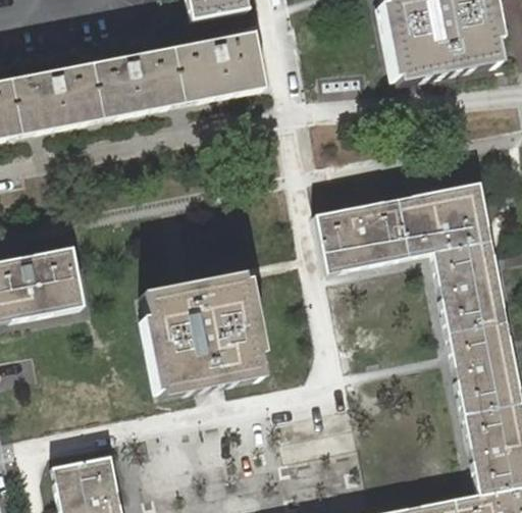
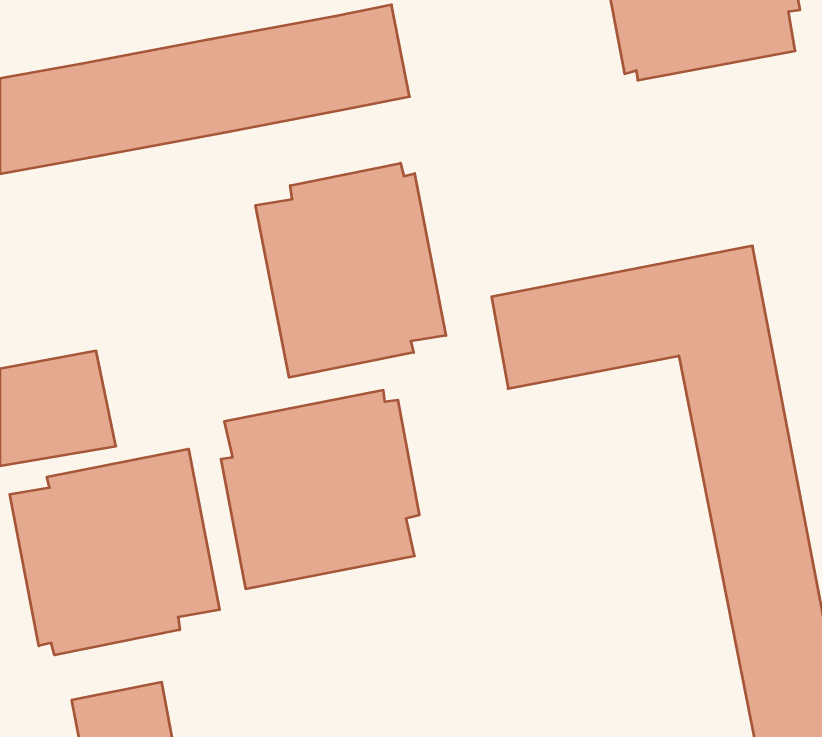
building: none -> [256,163,446,377]
building: none -> [10,449,220,655]

